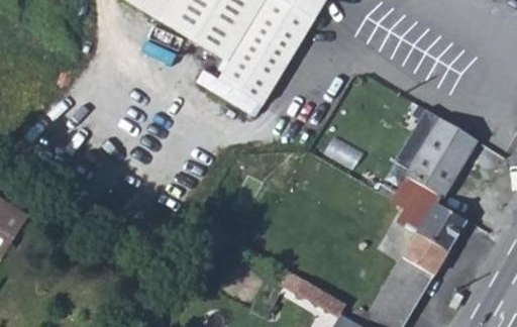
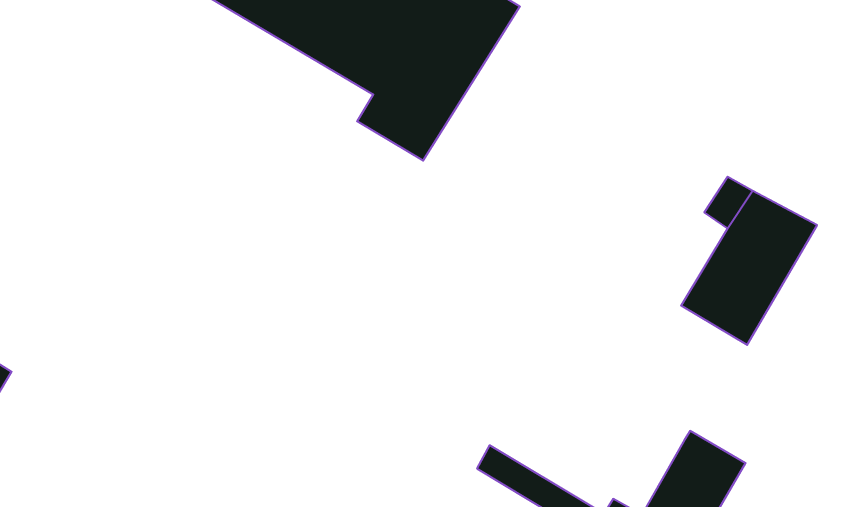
building: [379,180,469,270] -> none

